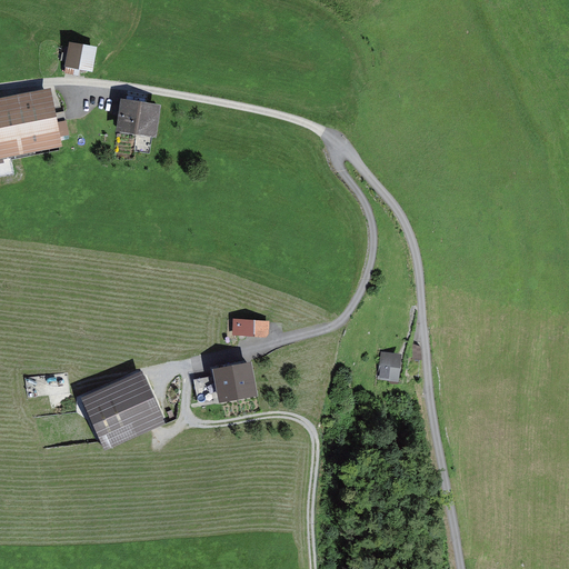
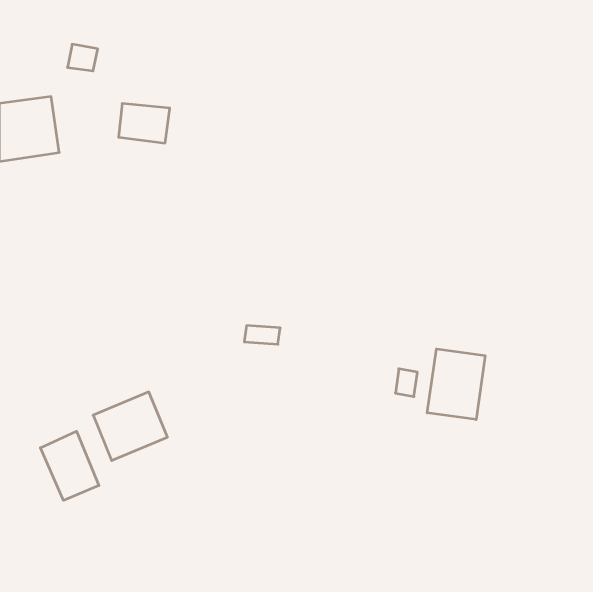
building: none -> [427,349,485,420]
building: [214,365,253,399] -> none
building: none -> [40,431,99,500]

